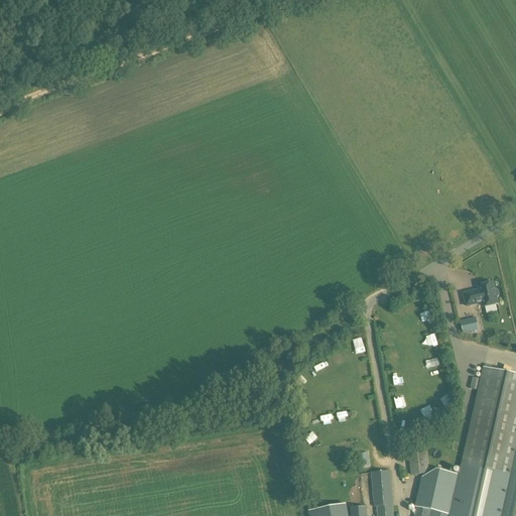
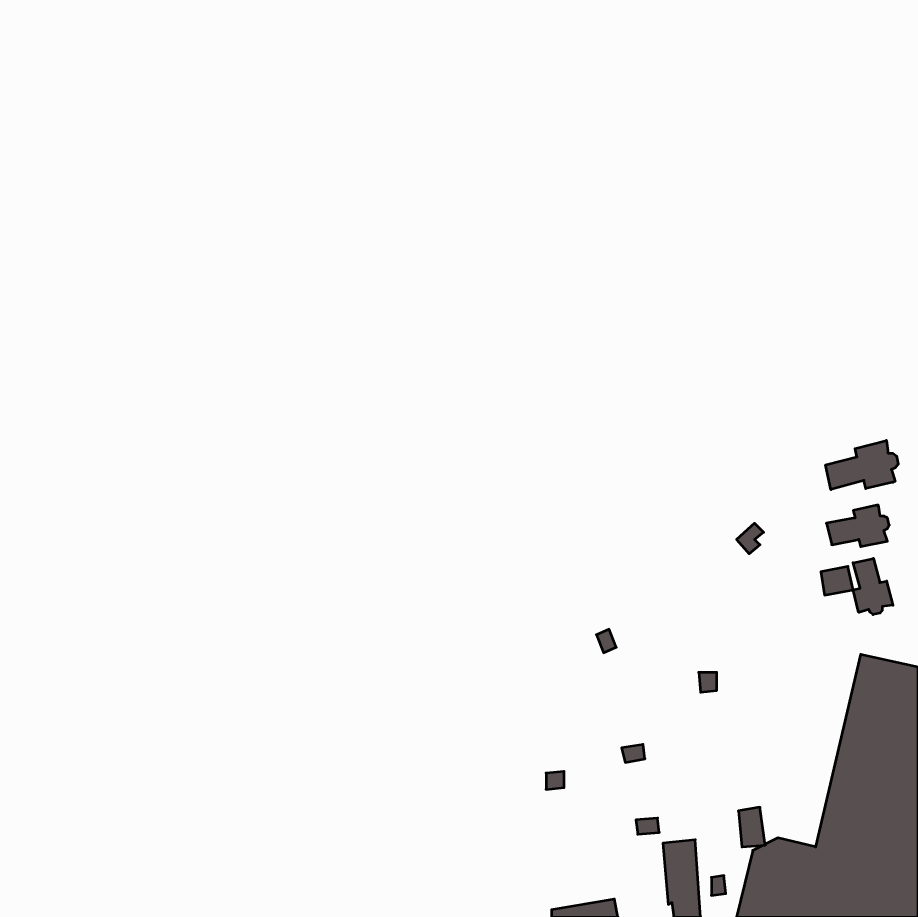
building: none -> [826,440,898,490]
building: none -> [853,558,893,615]

